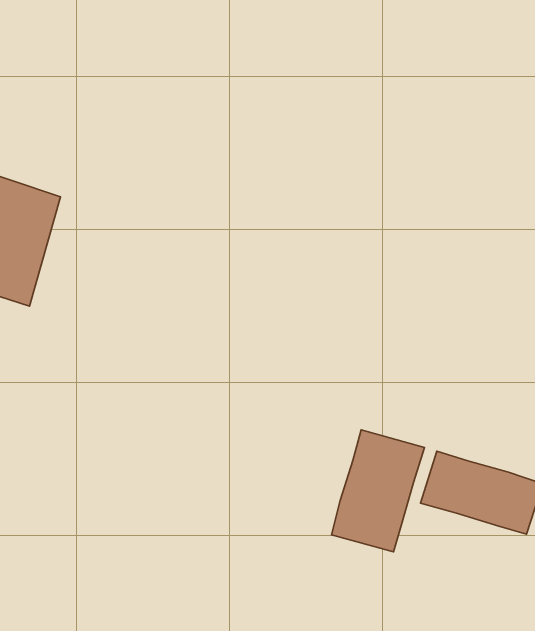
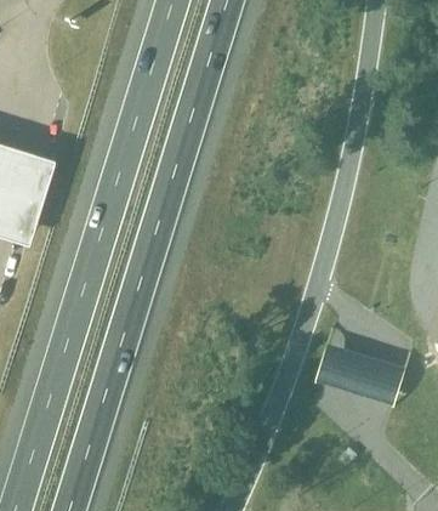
building: [332,430,425,552] -> none

